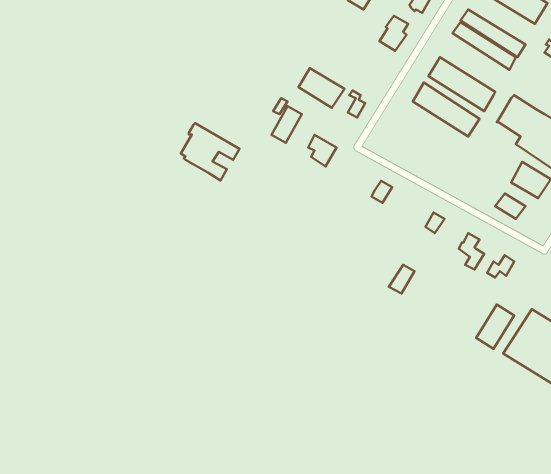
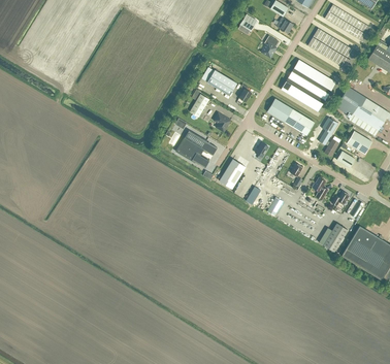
building: none -> [266,98,315,135]
building: [181,123,240,180] -> [178,132,217,169]
building: none -> [318,117,338,156]
building: none -> [219,159,246,189]

